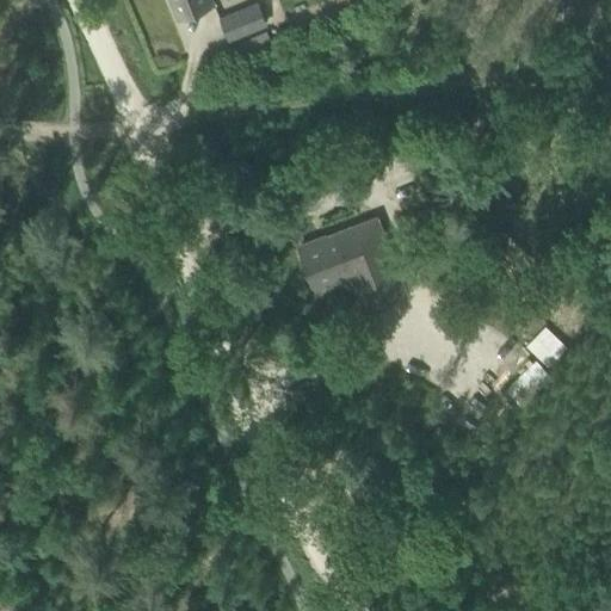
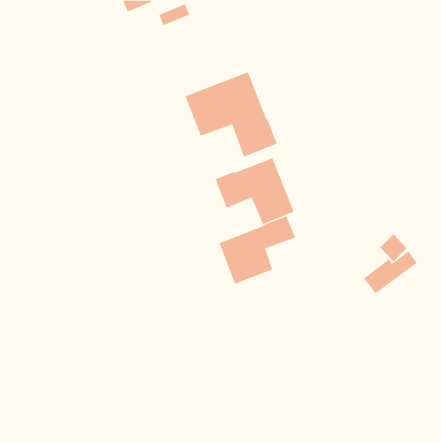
building: none -> [185,72,278,157]
building: none -> [219,215,296,284]

